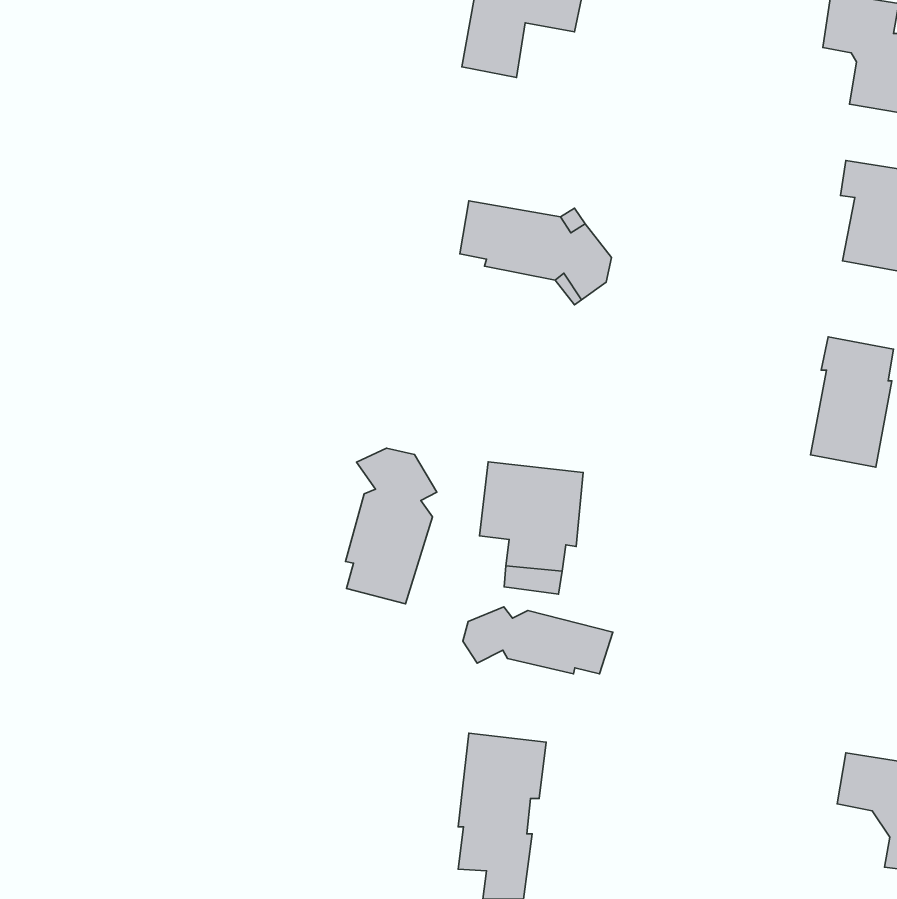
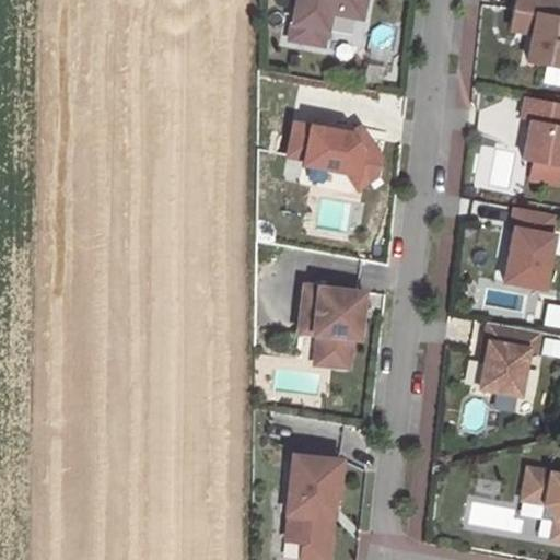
building: [345,448,437,604] -> none
building: none -> [482,323,541,396]
building: [463,607,613,674] -> none

